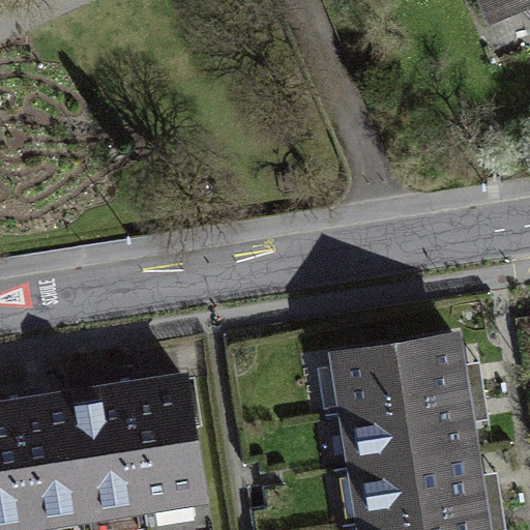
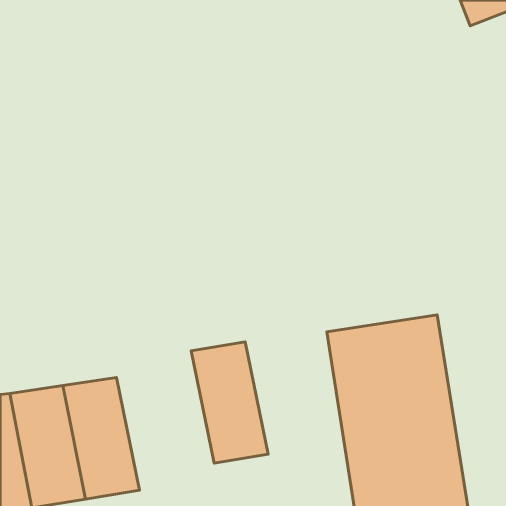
building: [124,386,204,512] -> [191,342,268,463]

